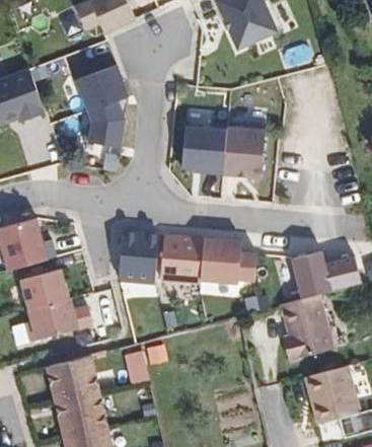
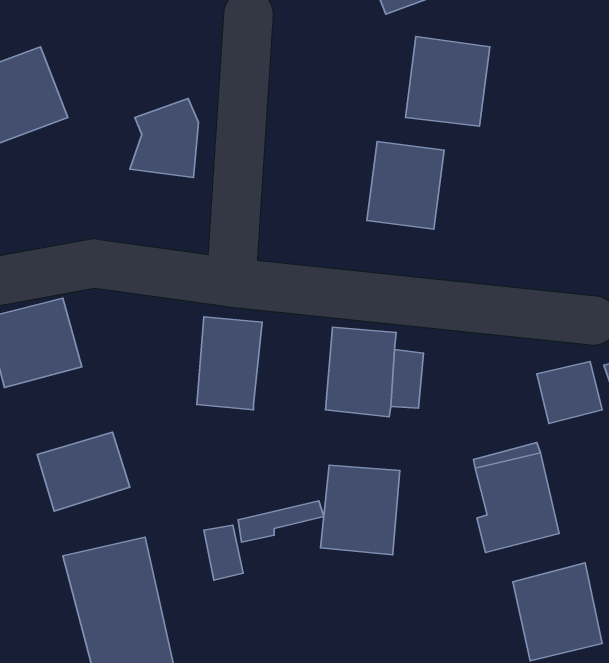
building: [72,59,127,109] -> none
building: [178,118,228,170] -> [406,37,490,126]
building: [155,230,202,283] -> [321,465,400,555]
building: [288,249,329,298] -> none
building: [19,267,72,308] -> none

